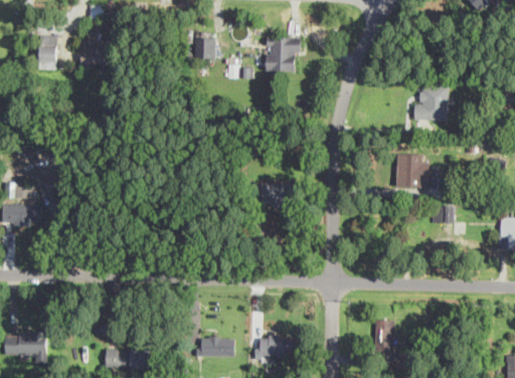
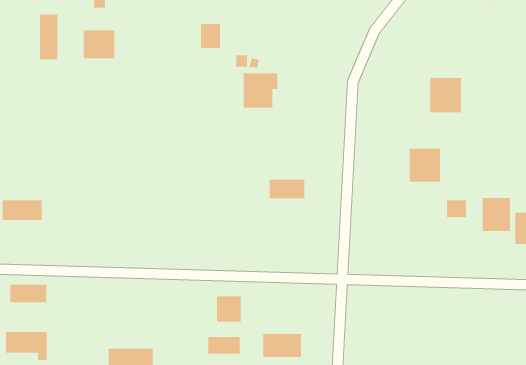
building: [266,37,300,71] -> [243,73,278,108]
building: none -> [482,197,510,232]
building: none -> [10,284,47,303]
building: none -> [216,296,241,322]
building: [374,320,393,352] -> none

